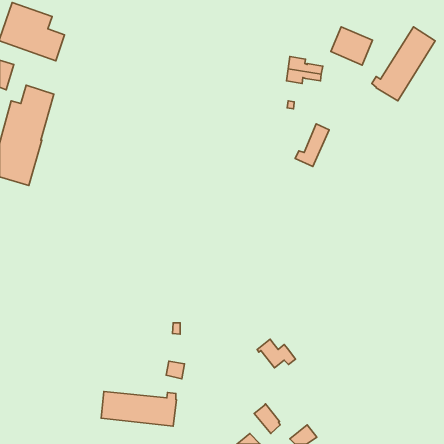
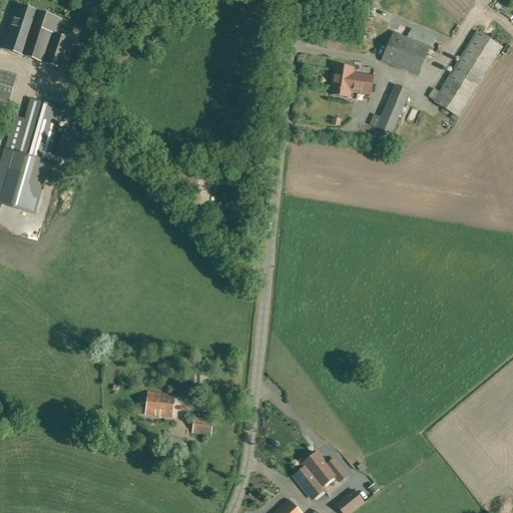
building: [295,124,329,166] -> [370,84,409,133]
building: [257,339,296,368] -> [302,452,346,485]
building: none -> [144,391,173,417]
building: [101,391,177,426] -> none

